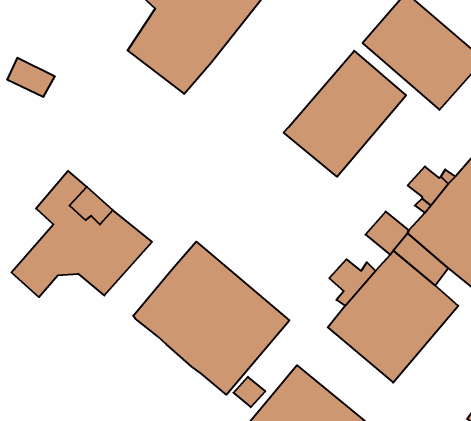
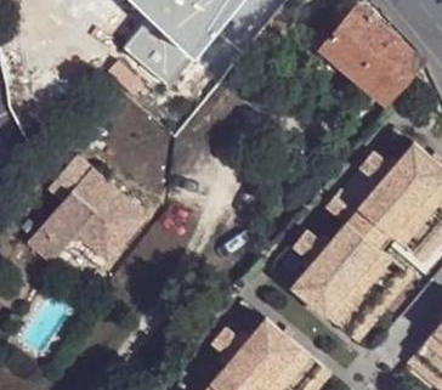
building: [284,51,406,177] -> none
building: [133,242,289,395] -> none

